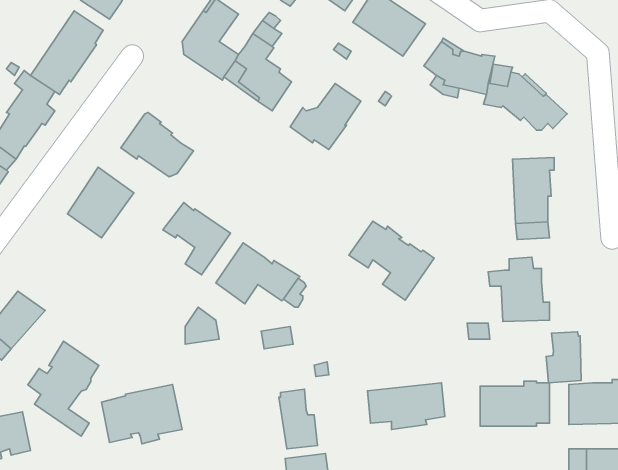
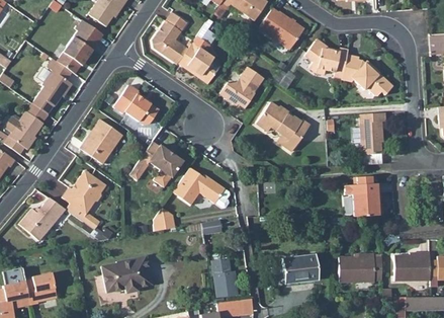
building: [349,221,434,300] -> [256,102,309,152]
building: [546,332,581,383] -> none
building: [28,341,99,436] -> [62,170,106,230]

